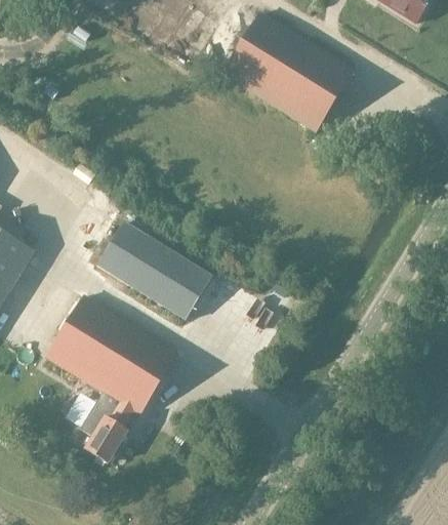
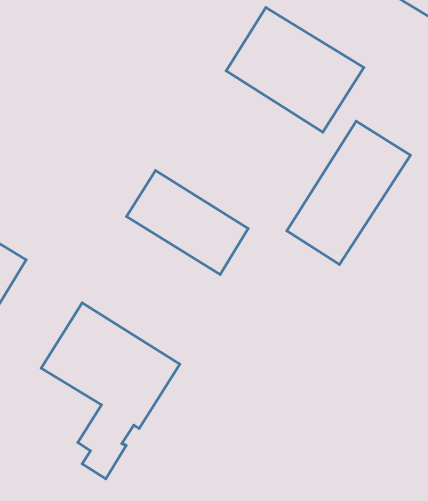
building: none -> [287,121,410,265]
building: [95,220,211,320] -> [126,170,248,275]

